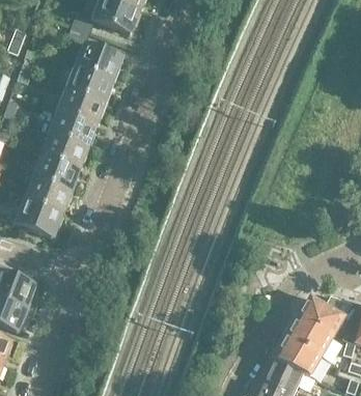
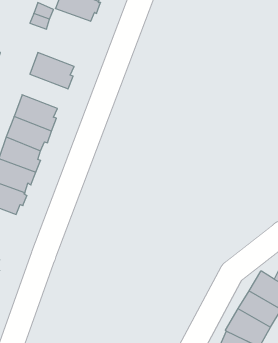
building: [74,44,120,80] -> none
building: [57,88,106,124] -> none

